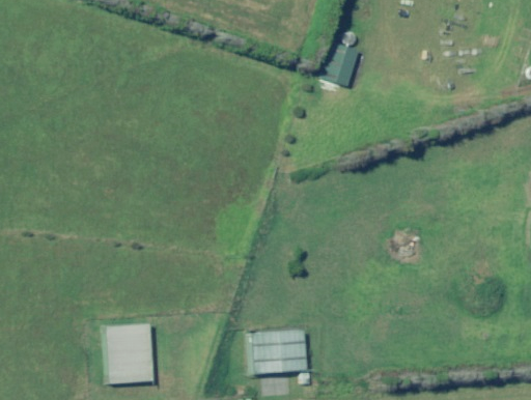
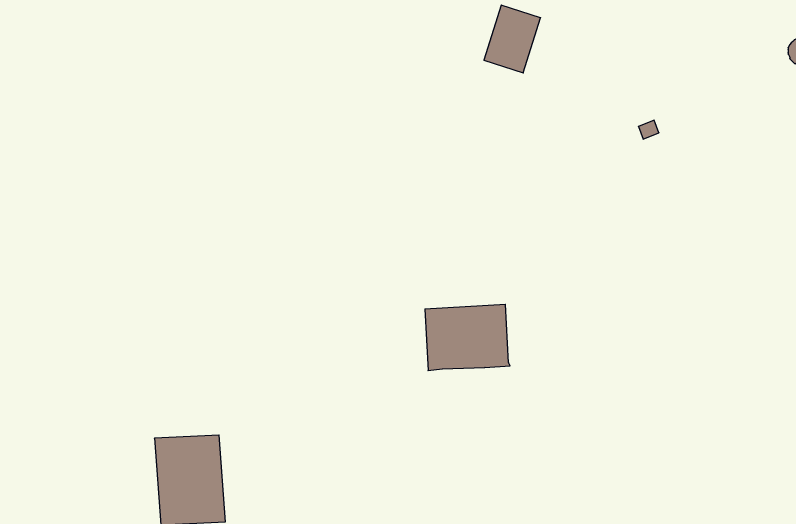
building: [252,331,308,374] -> [425,304,510,371]

